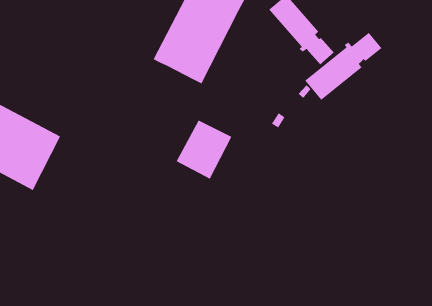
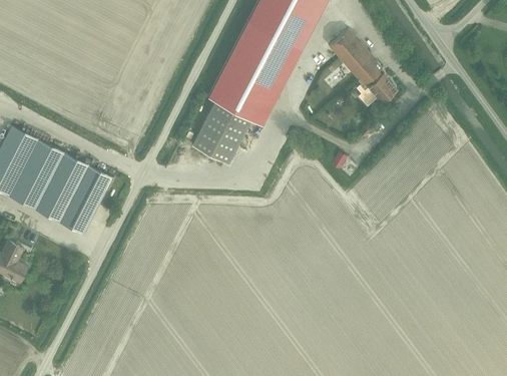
building: [304,32,382,101] -> none
building: [176,119,232,180] -> [192,102,251,165]

